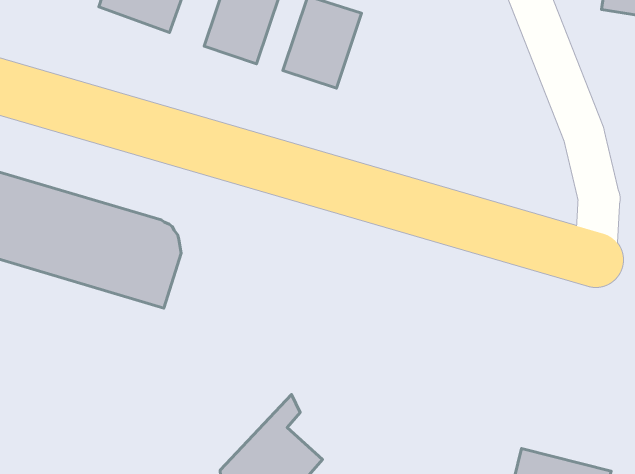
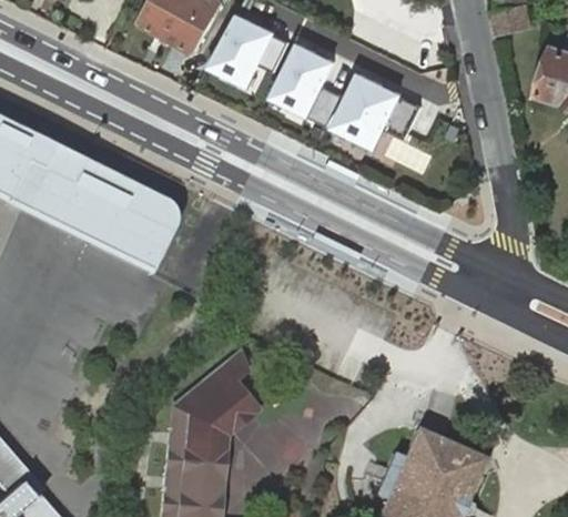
building: none -> [343,72,417,151]

